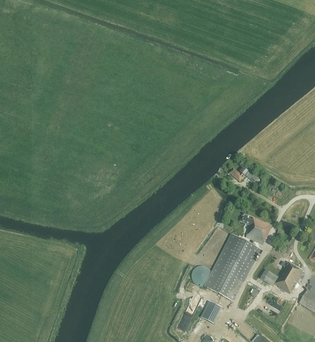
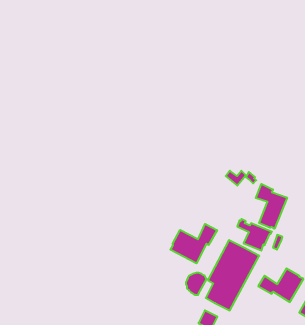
building: none -> [256,184,287,229]
building: none -> [170,224,217,263]

